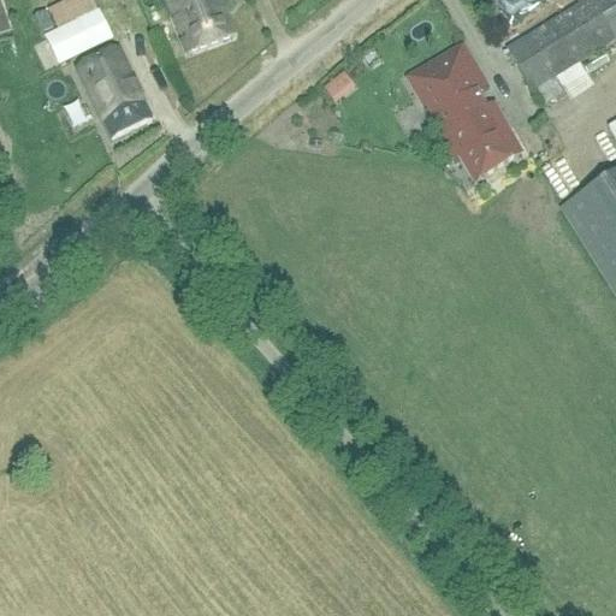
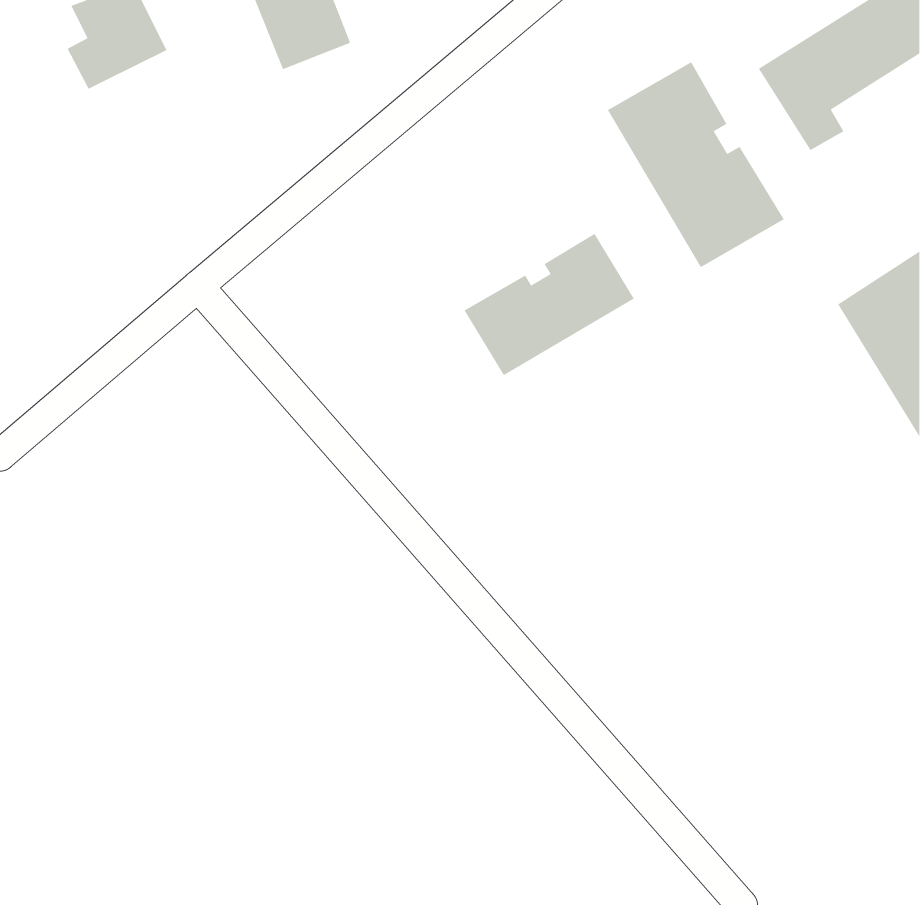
building: [76,43,150,134] -> none
building: none -> [463,233,635,376]

